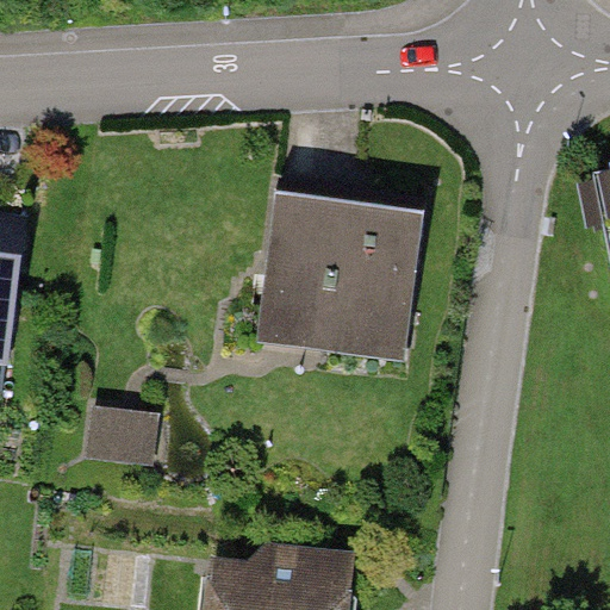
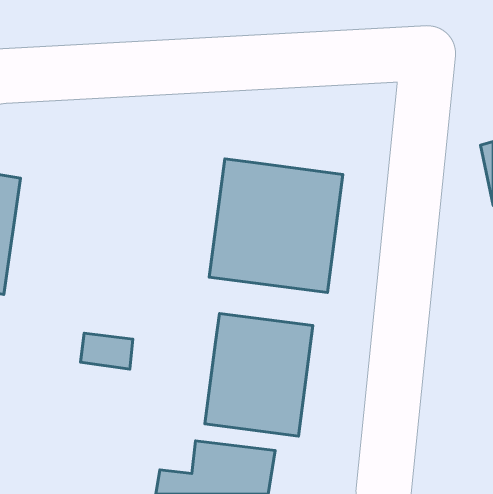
building: none -> [205,313,313,436]

